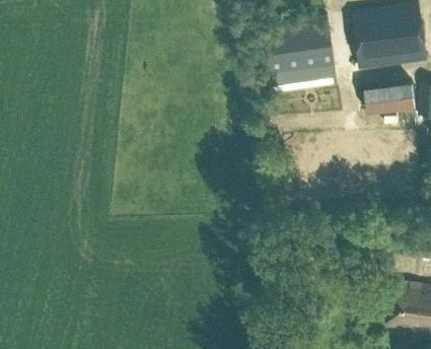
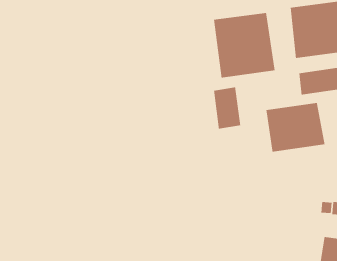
building: none -> [214,87,241,129]
building: none -> [266,102,325,153]

